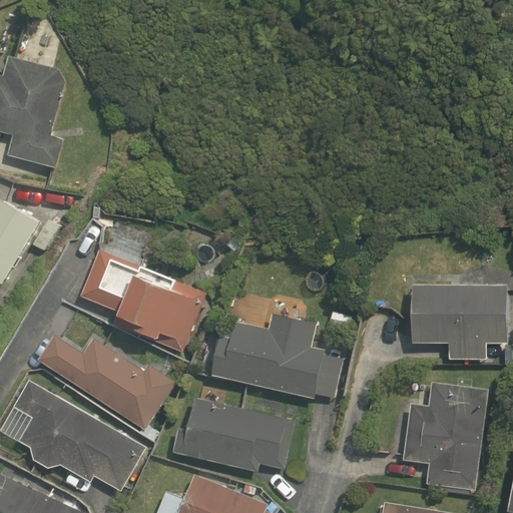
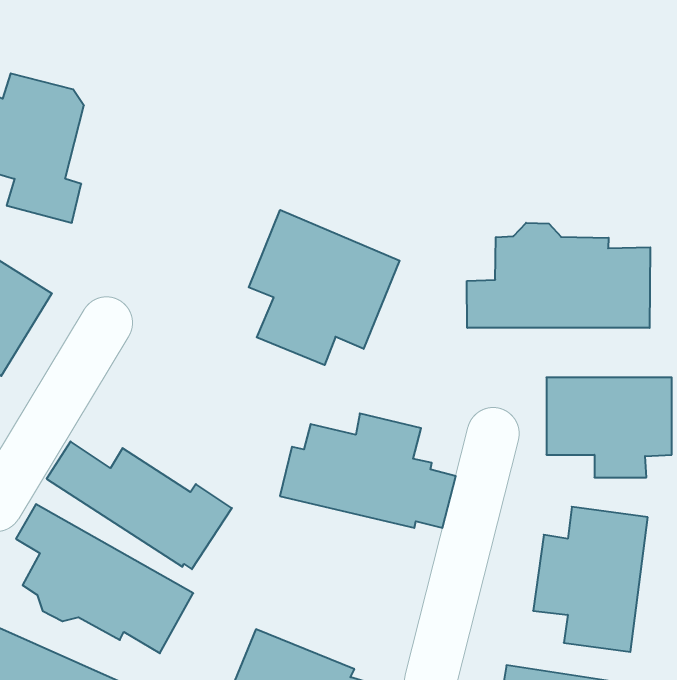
building: none -> [249,210,400,365]
building: none -> [467,223,650,328]
building: [78,248,205,352] -> none
building: [169,396,295,473] -> none

